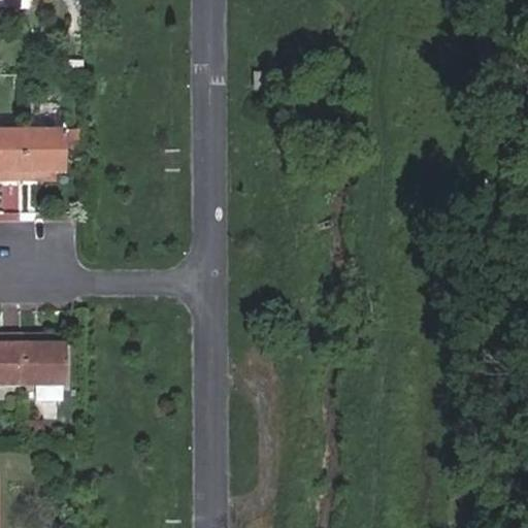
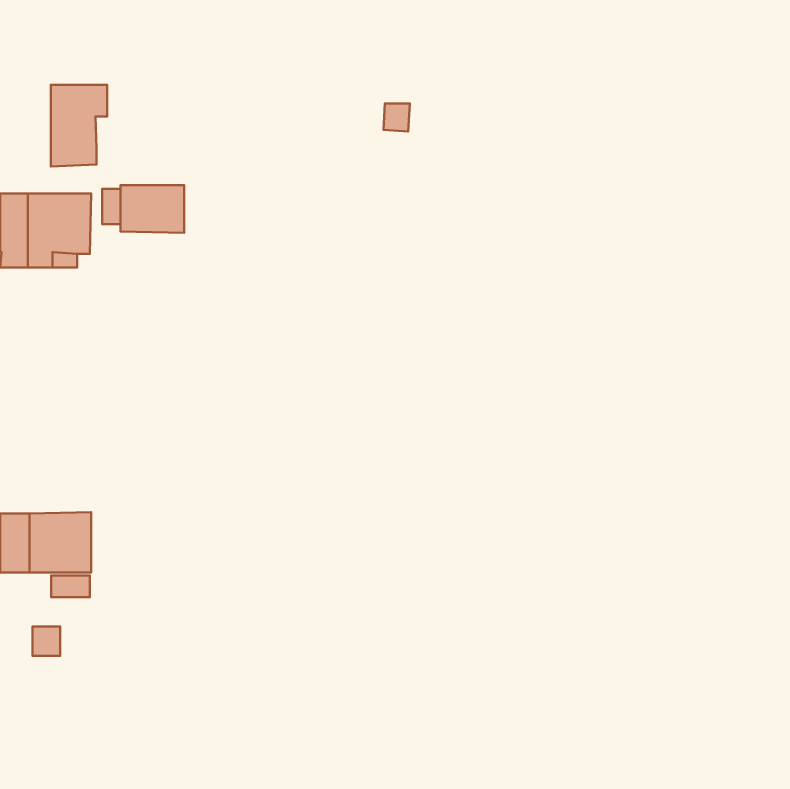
building: none -> [51,85,107,166]
building: none -> [121,185,184,233]

